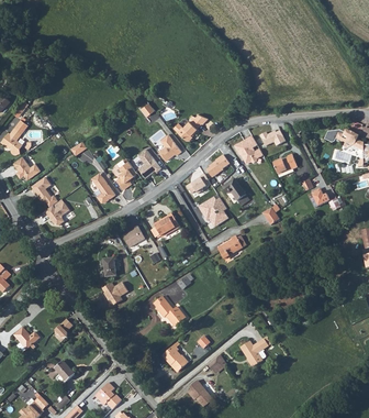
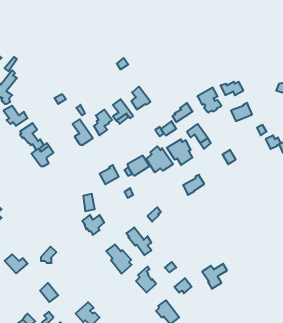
building: [172,113,208,140] -> none
building: none -> [146,146,173,172]
building: none -> [106,244,132,274]

